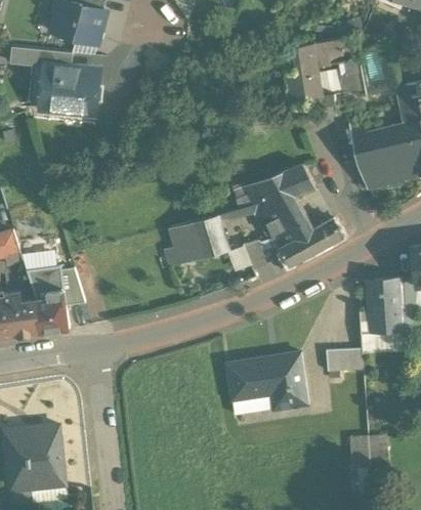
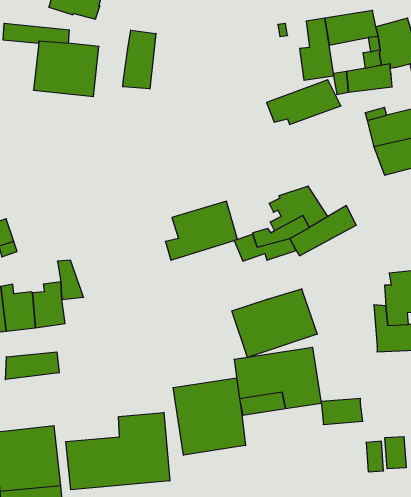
building: none -> [123,30,156,89]
building: [246,163,315,205] -> [267,80,341,124]
building: [26,266,64,299] -> none
building: none -> [232,289,317,357]
building: [324,349,363,374] -> [321,398,363,425]
building: none -> [5,352,59,380]
building: none -> [173,378,245,455]
building: none -> [66,412,170,490]

